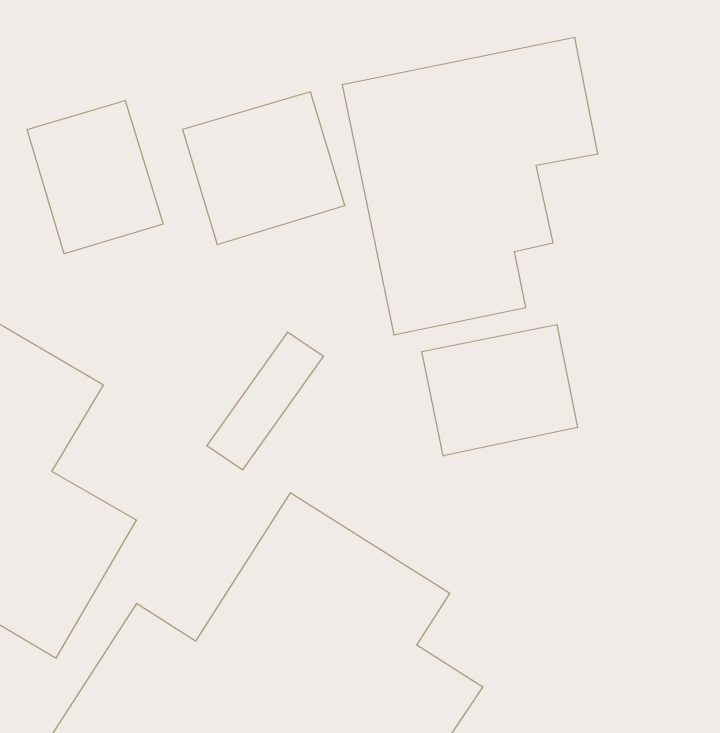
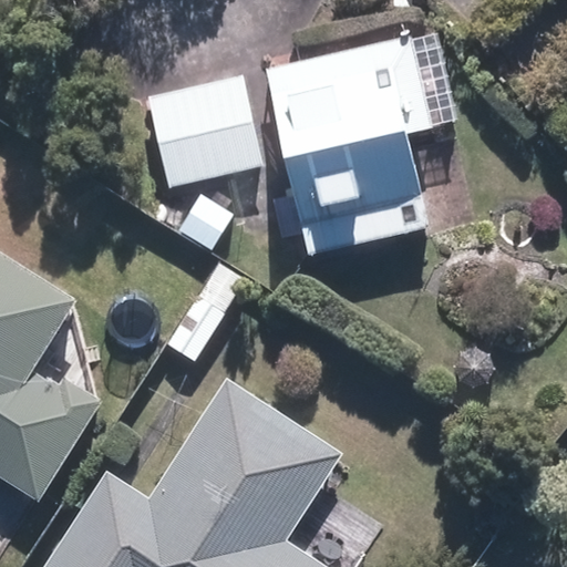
building: [27,100,163,254] -> none
building: [422,324,577,456] -> none

